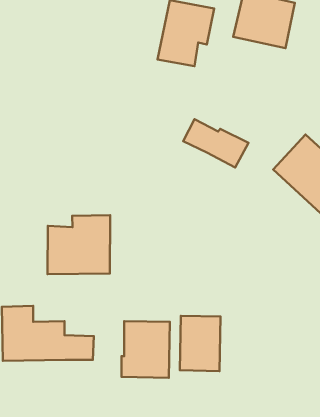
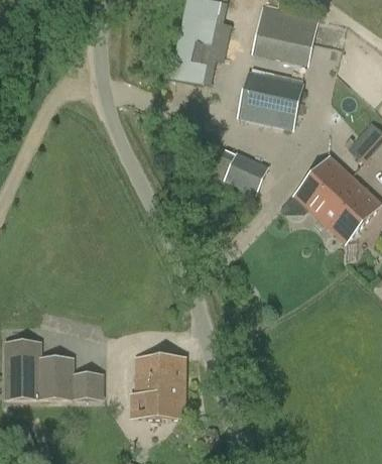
building: none -> [238,72,302,128]
building: [47,215,110,274] -> none
building: [180,316,220,371] -> none

